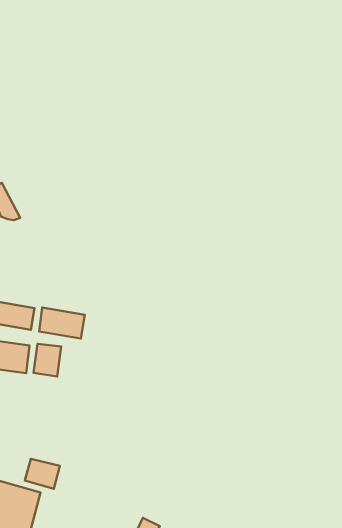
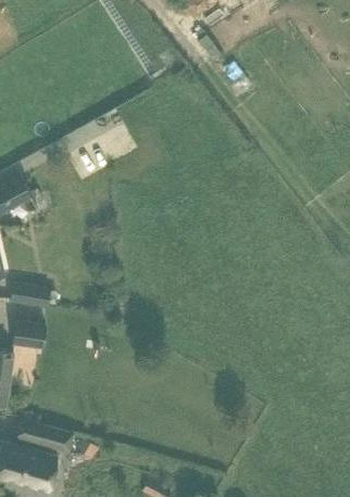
building: [39,308,85,339] -> none
building: [34,344,61,376] -> none

